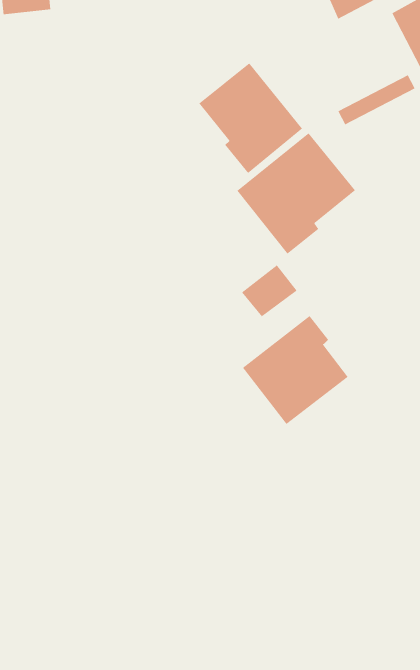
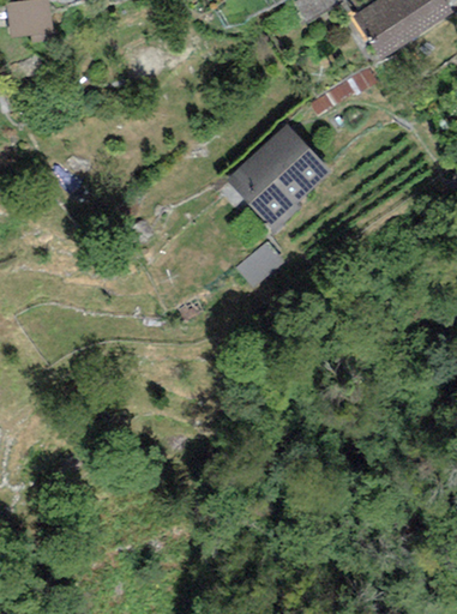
building: [199,63,303,174] -> none
building: [242,315,348,425] -> none

